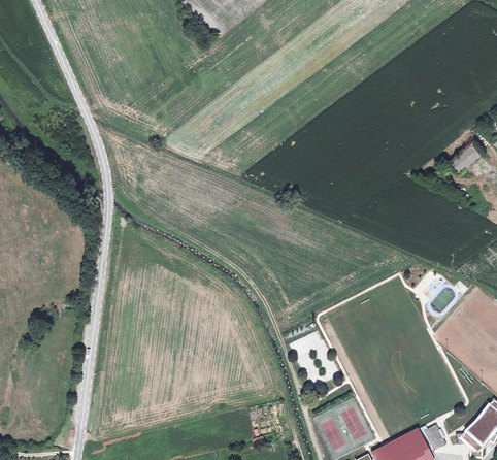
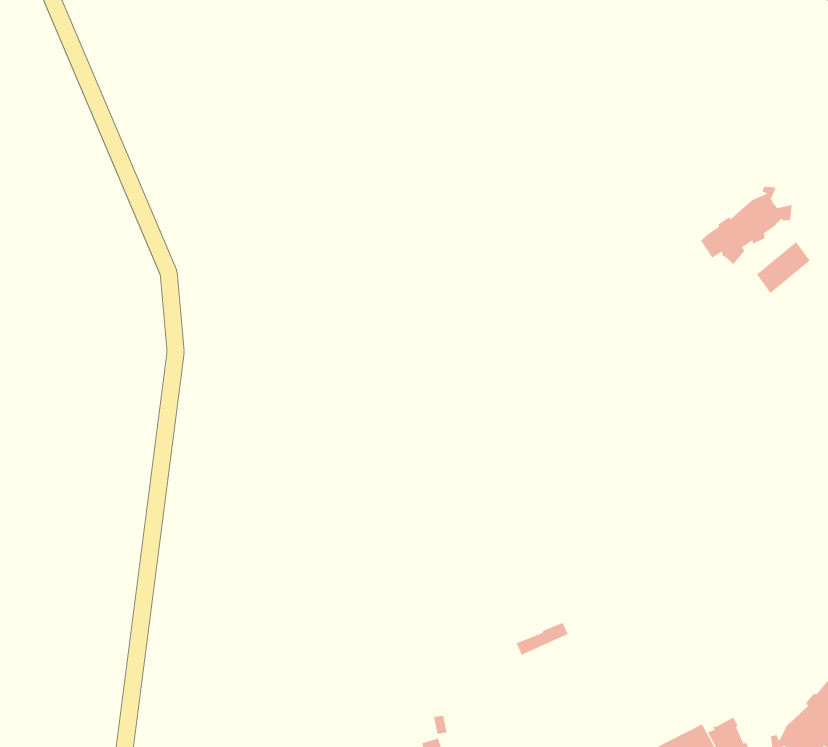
building: none -> [700,186,792,265]

